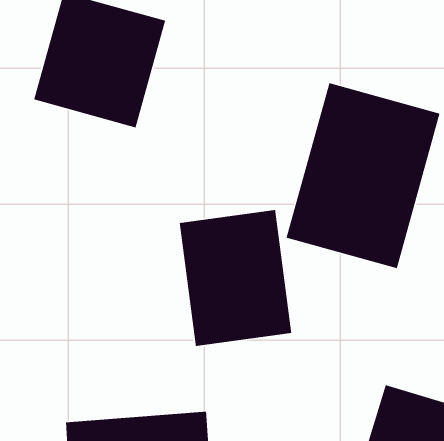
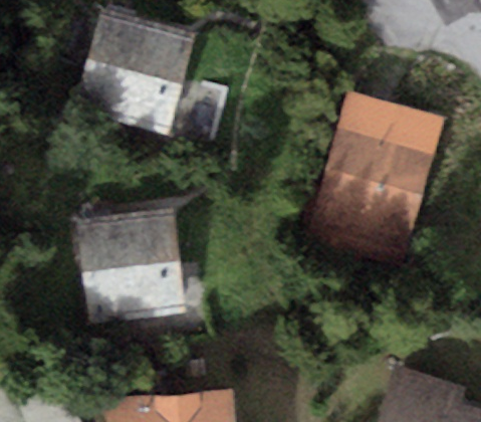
building: [179,209,292,347] -> none
building: none -> [75,209,187,321]

